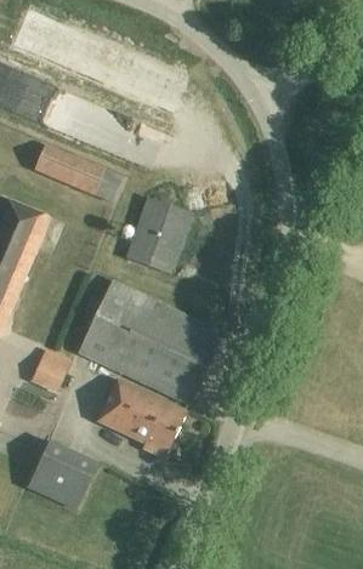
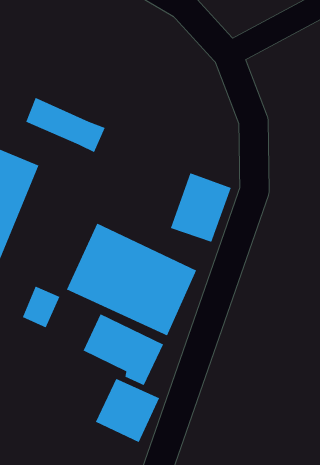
building: [125,195,193,273] -> [170,172,232,243]
building: [27,439,98,511] -> [95,378,160,443]

